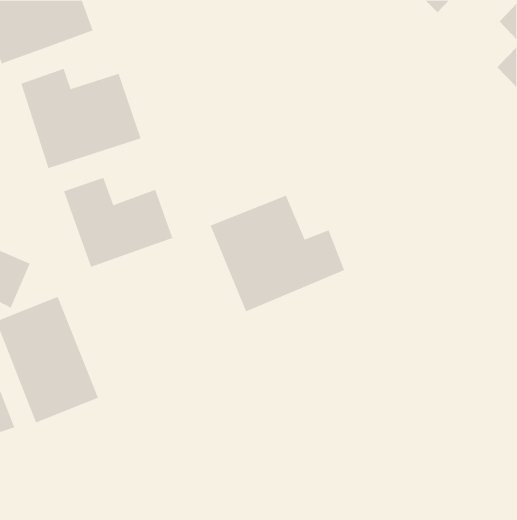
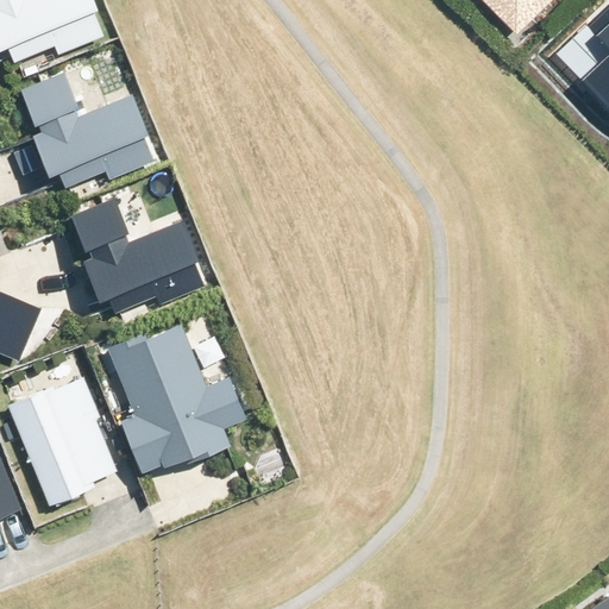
building: [210,195,345,312] -> none
building: none -> [93,299,244,465]

